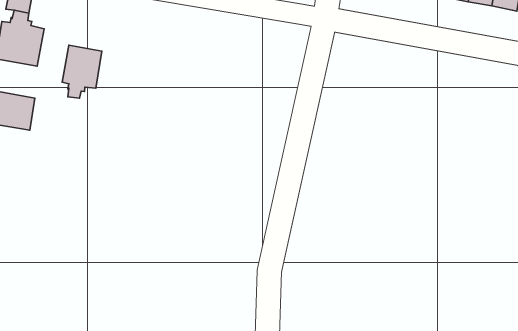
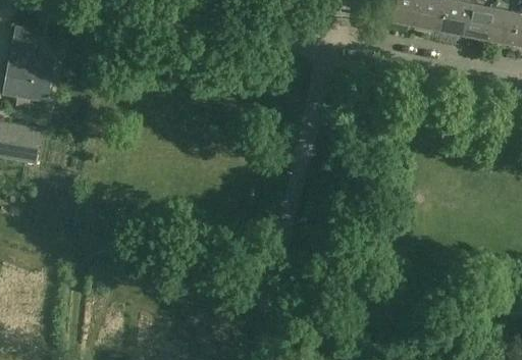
building: [62,45,102,98] -> none

